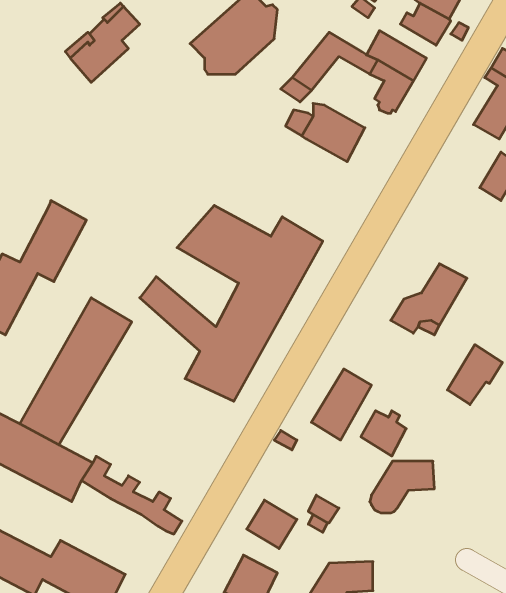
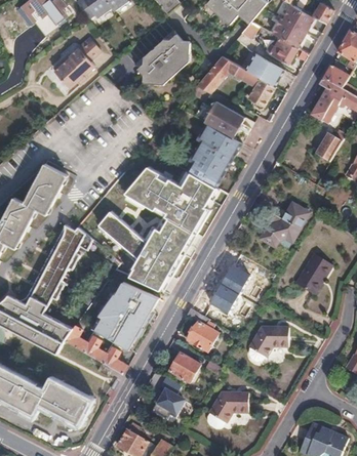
building: none -> [187,123,242,188]
building: none -> [102,285,156,346]
building: [361,411,406,456] -> [188,322,216,350]

